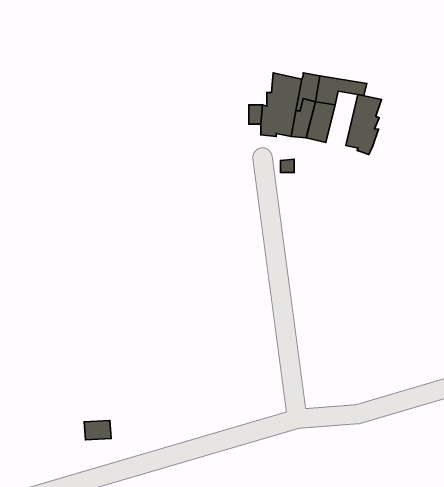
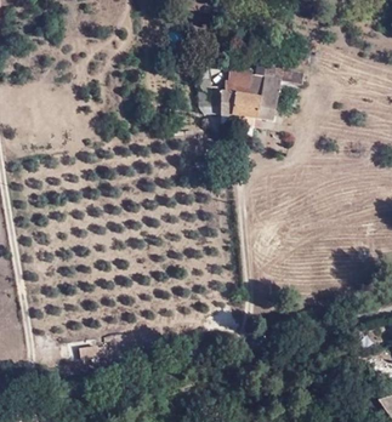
building: [346,95,382,155] -> none

